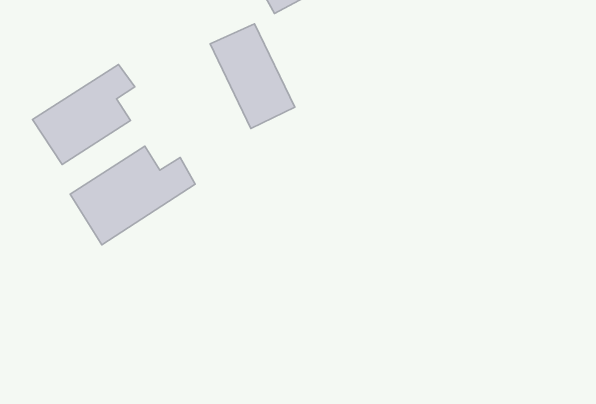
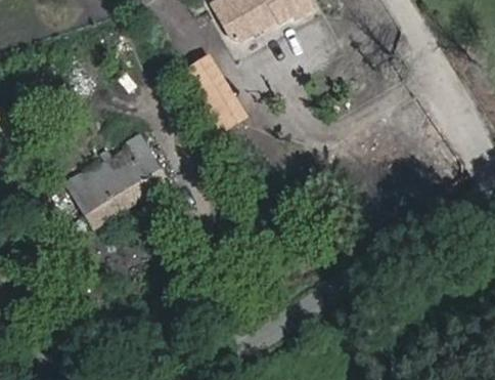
building: [33,65,135,164] -> none

